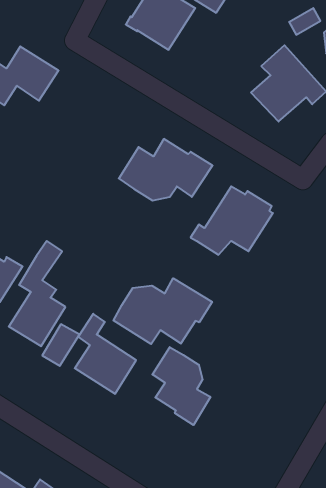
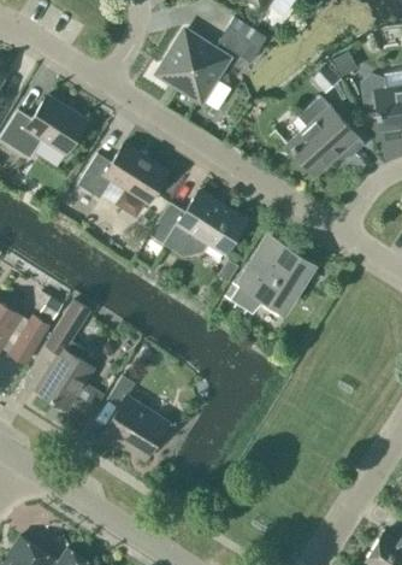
building: none -> [78,143,169,219]
building: [113,278,212,344] -> none
building: [152,347,210,425] -> none

